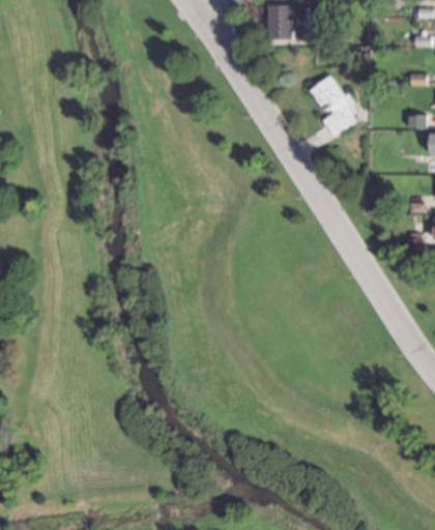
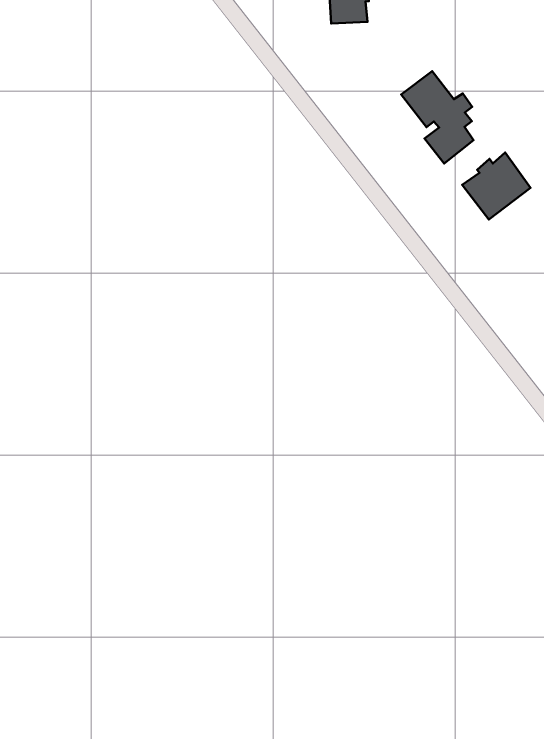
building: none -> [462,152,530,219]

